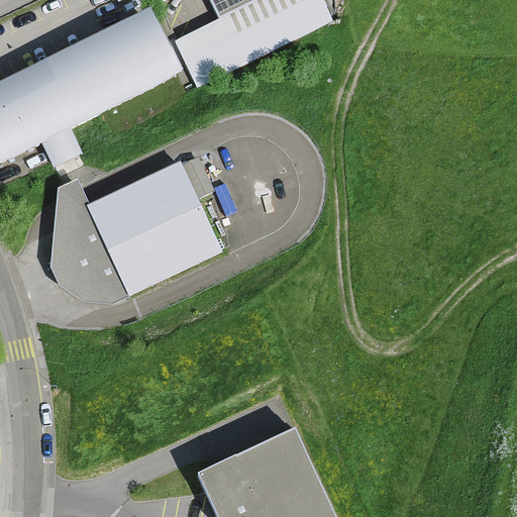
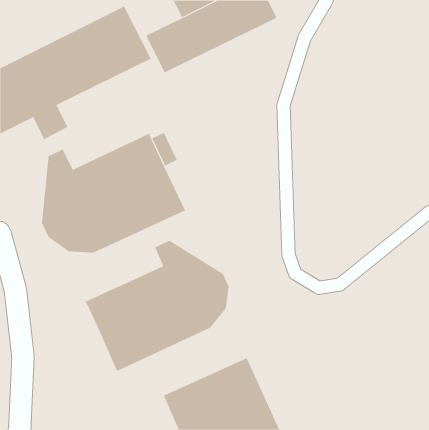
building: none -> [85,240,229,372]

